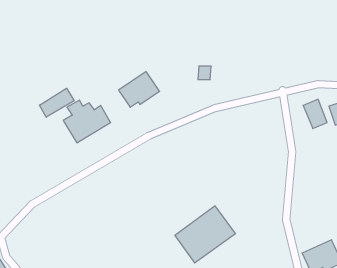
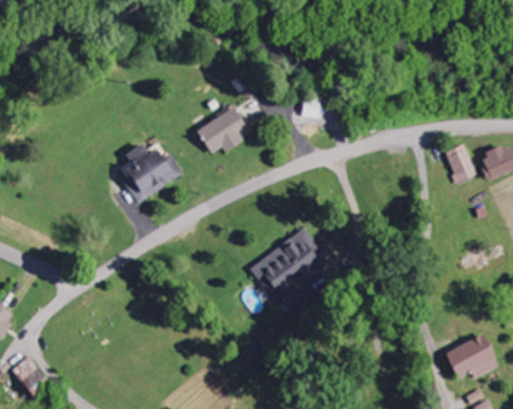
building: [39,88,74,117] -> none
building: [175,206,236,263] -> [249,227,332,305]

